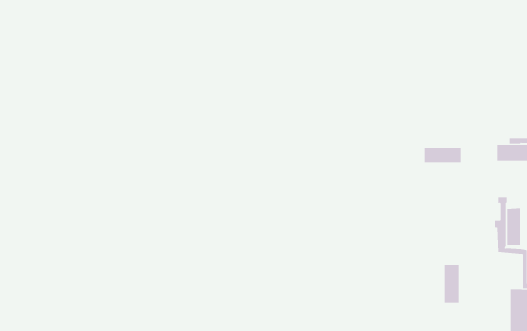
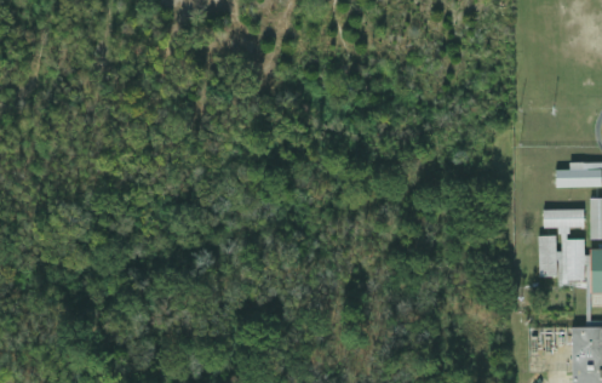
building: [424,147,462,163] -> [545,210,586,227]
building: [444,264,459,303] -> [539,235,556,278]

